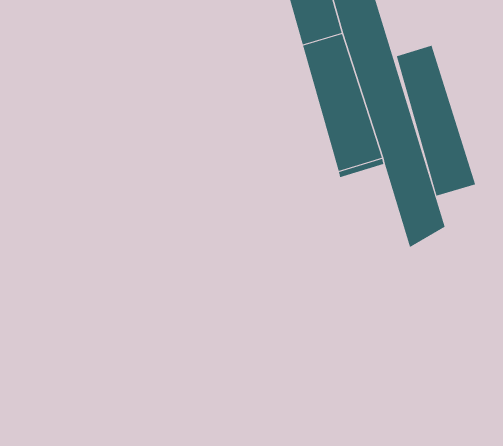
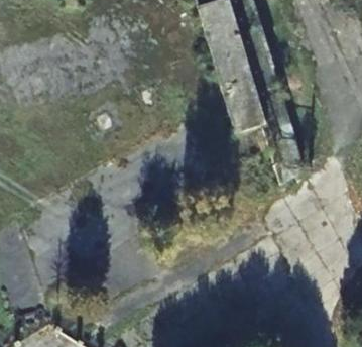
building: [396,45,476,197] -> none

